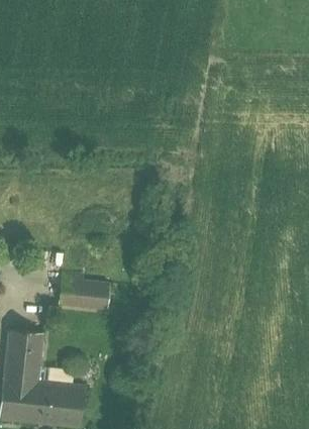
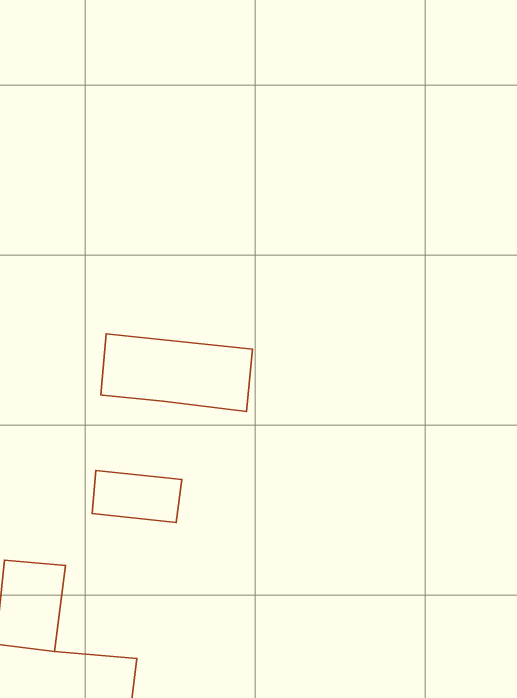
building: none -> [101,334,252,412]

